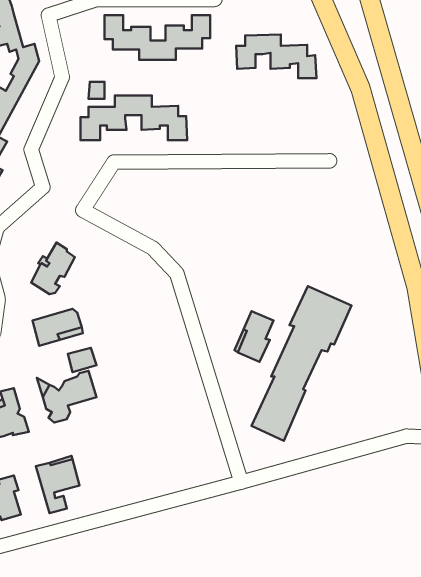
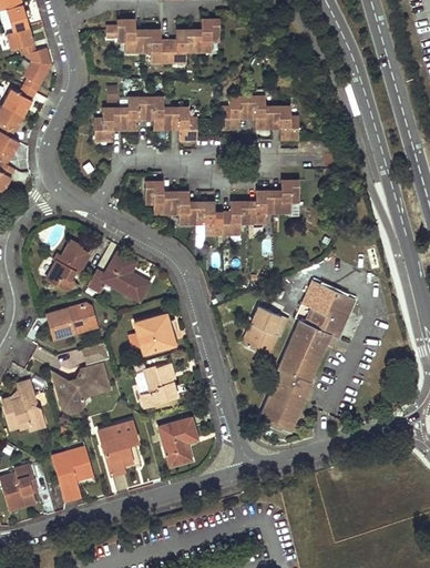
building: [236,34,316,78] -> [221,97,298,139]
building: none -> [144,181,298,234]
building: none -> [86,252,149,302]
building: none -> [133,314,173,353]
building: none -> [140,364,176,407]
building: none -> [157,417,196,465]
building: none -> [96,420,136,471]

